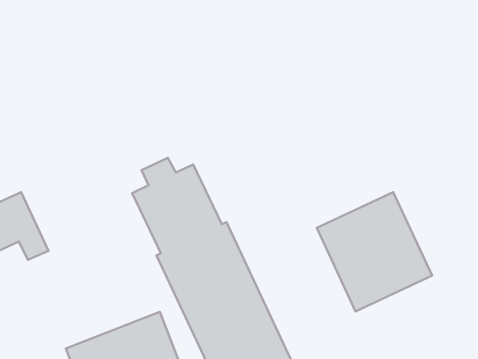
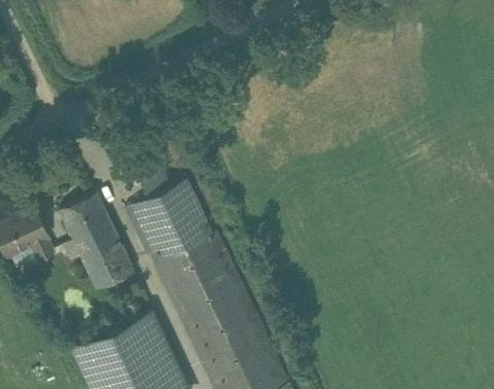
building: none -> [59,196,134,292]
building: [317,192,432,311] -> none

